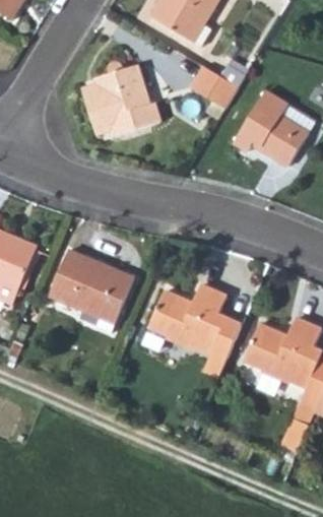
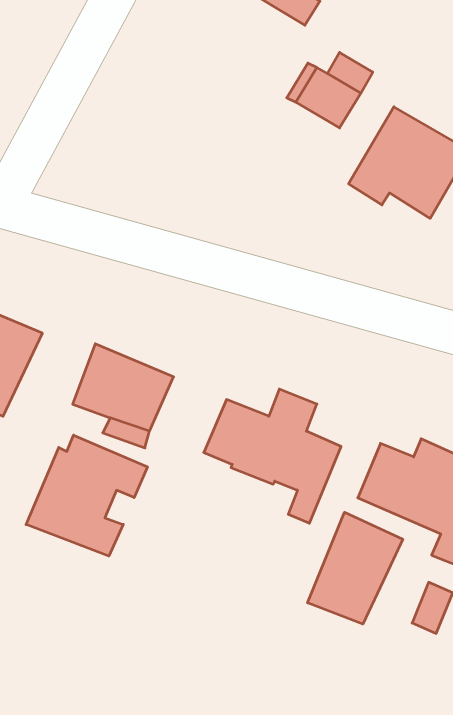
building: [92,60,171,137] -> none
building: none -> [26,435,147,556]
building: none -> [308,512,403,624]

